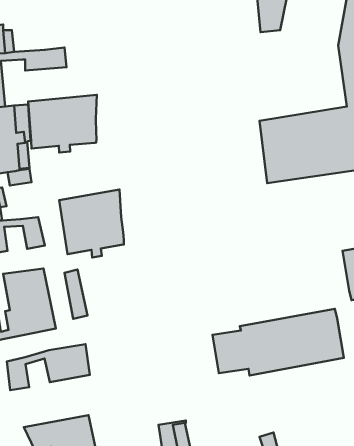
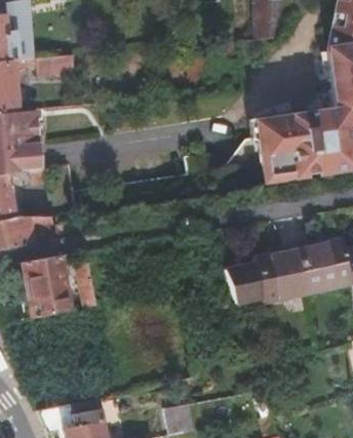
building: [28,95,97,152] -> none
building: [59,189,124,257] -> none
building: [212,309,344,375] -> [221,236,344,298]
building: [7,344,90,390] -> none

